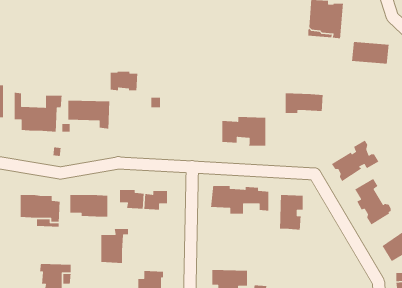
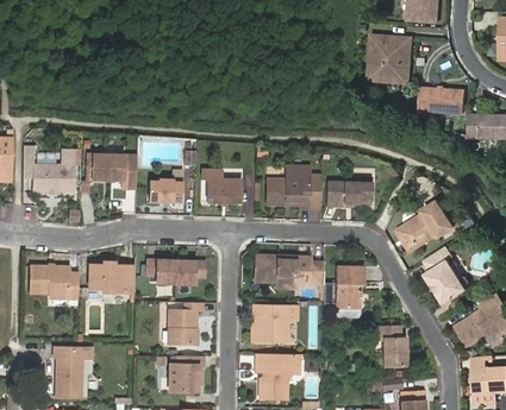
building: [110,71,138,91] -> [149,178,182,202]
building: [285,92,323,114] -> [326,181,371,206]
building: none -> [200,169,240,202]
building: [101,228,129,264] -> [168,302,201,343]
building: none -> [254,305,296,340]
building: none -> [373,323,406,366]

